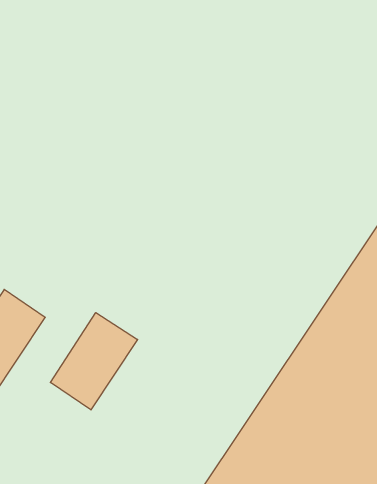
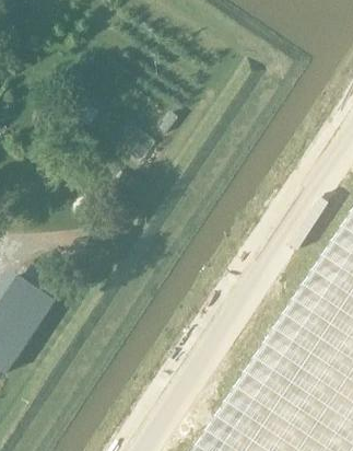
building: [50,313,138,410] -> none

